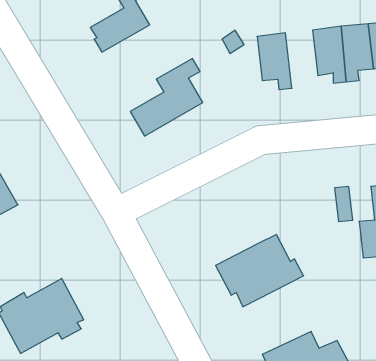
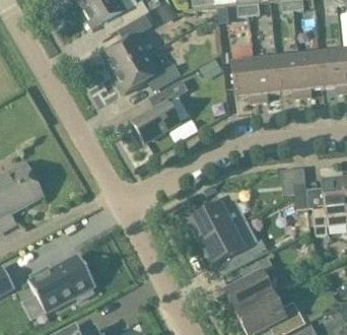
building: none -> [110,53,179,92]
building: none -> [254,57,279,103]
building: none -> [188,195,247,242]
building: none -> [224,254,274,312]

